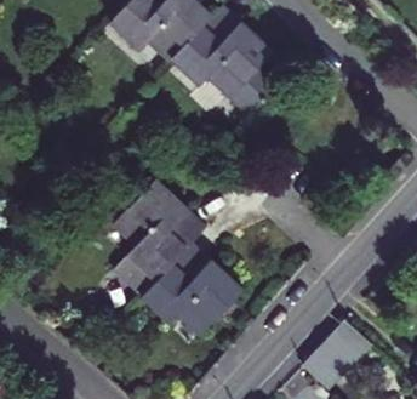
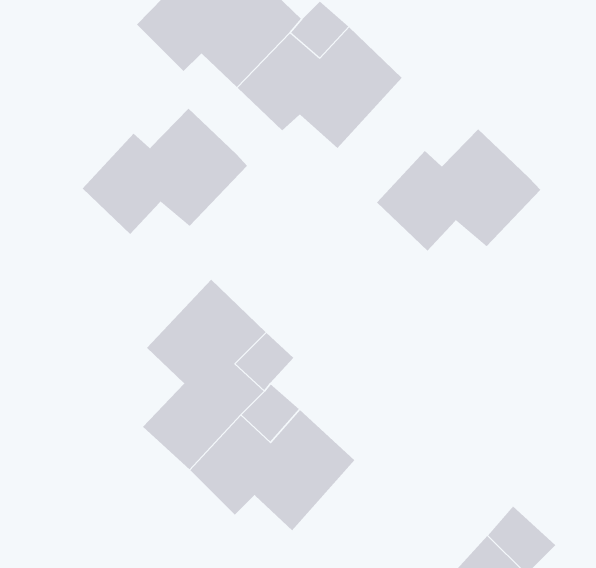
building: none -> [82,108,248,235]
building: none -> [376,128,541,252]

